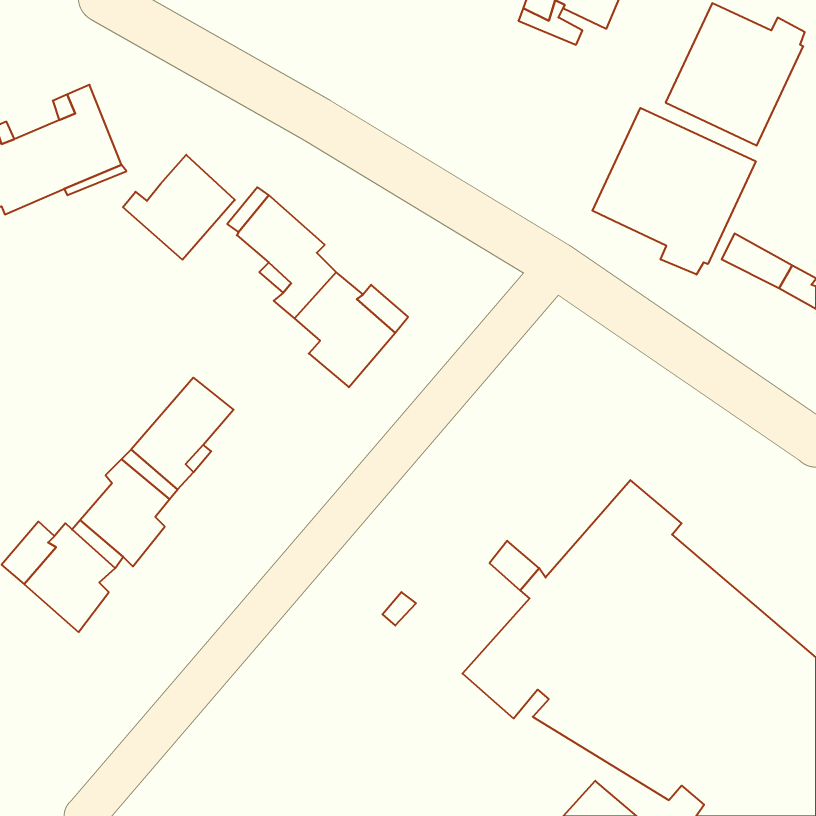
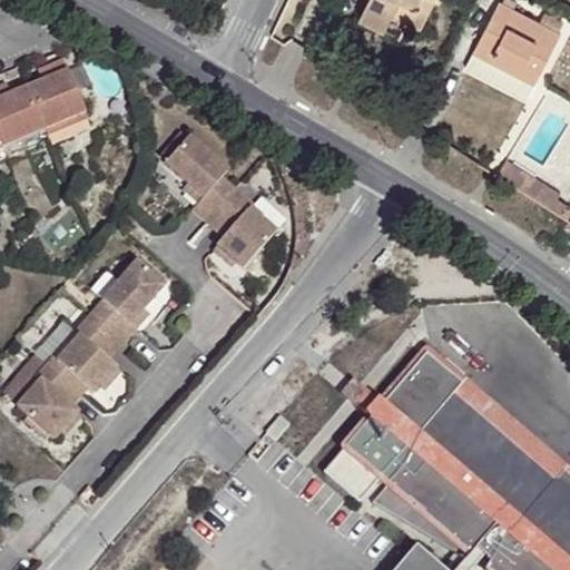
building: [592,108,756,275] -> none
building: [123,155,235,260] -> none

